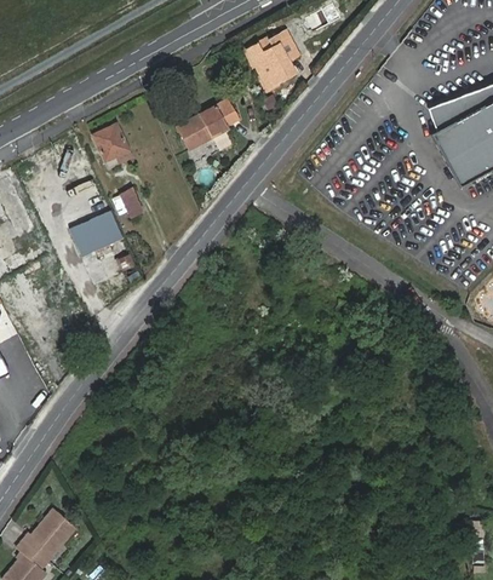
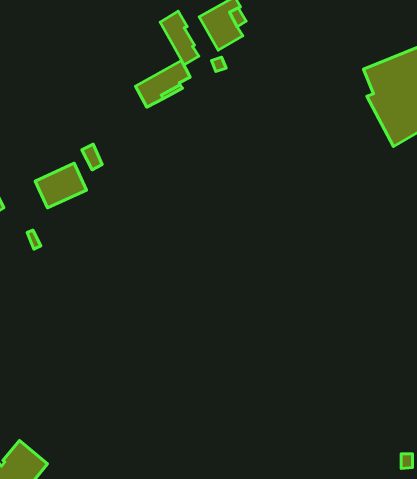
building: none -> [160,11,199,65]
building: [92,122,127,166] -> none

